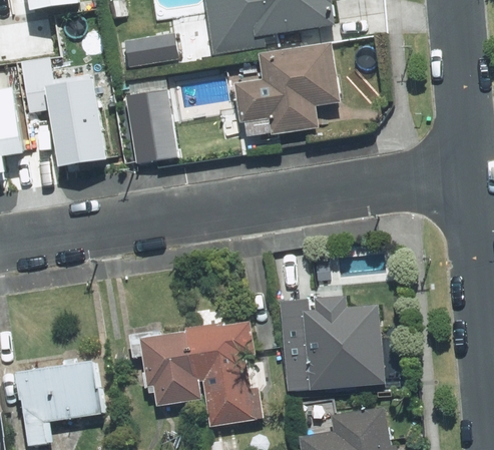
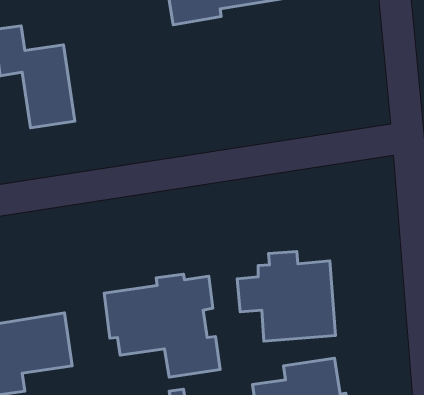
building: [122,34,176,69] -> none
building: [231,42,340,137] -> none
building: [124,89,176,164] -> none

